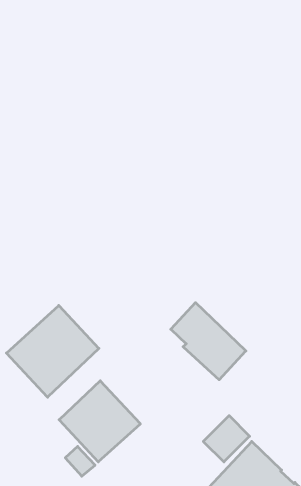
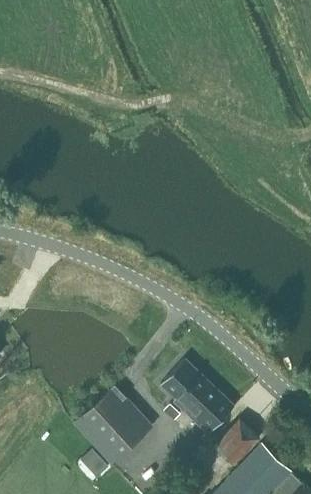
building: [171,303,246,380] -> [161,359,234,434]
building: [6,305,99,397] -> none

